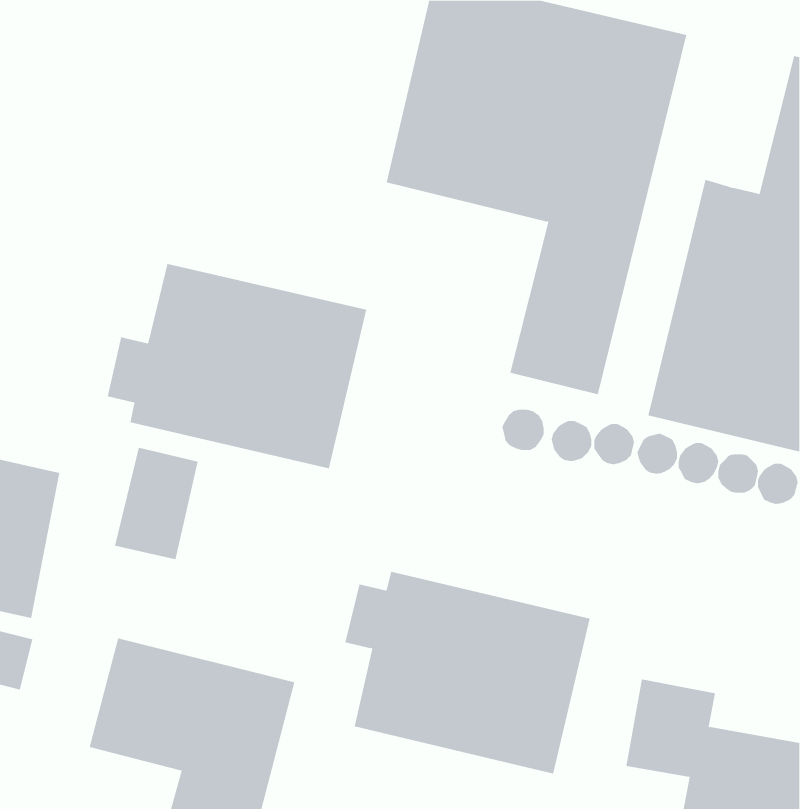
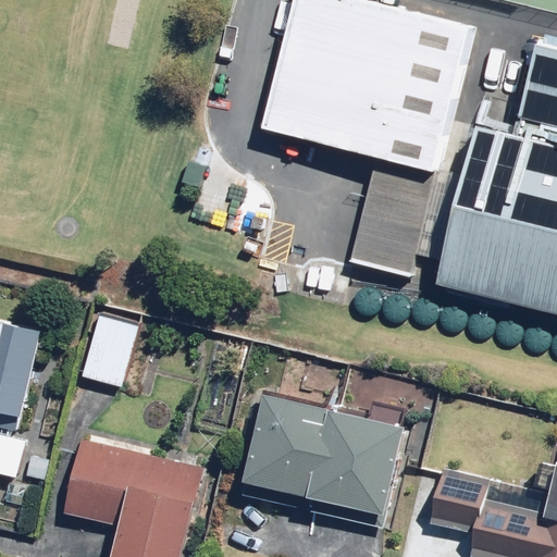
building: [107,263,367,469] -> none

